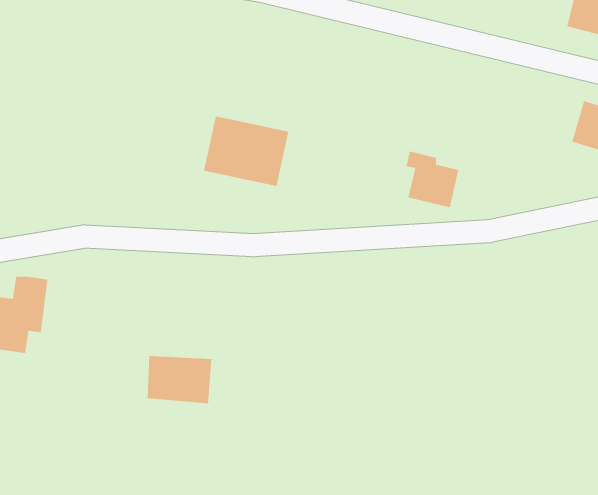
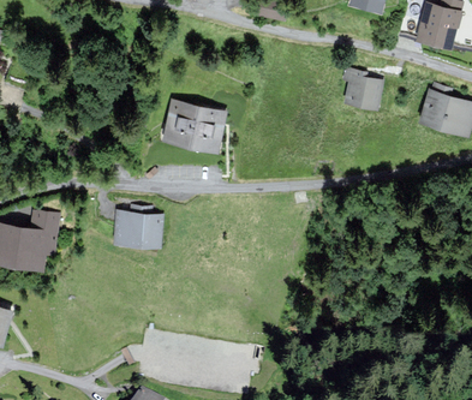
building: [406,151,459,208] -> [345,67,382,107]
building: [147,355,212,404] -> [116,211,162,245]

